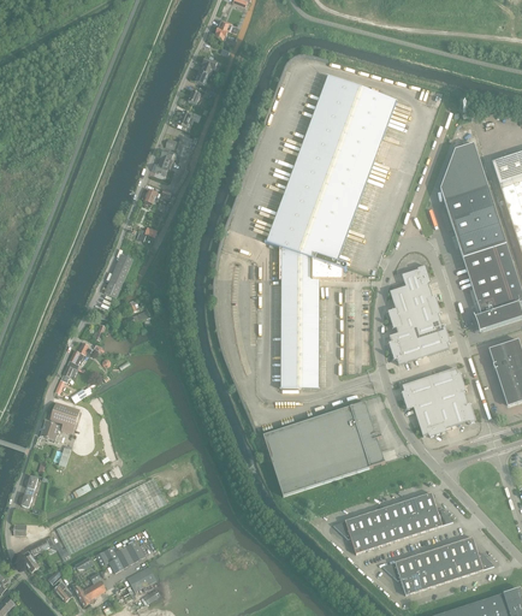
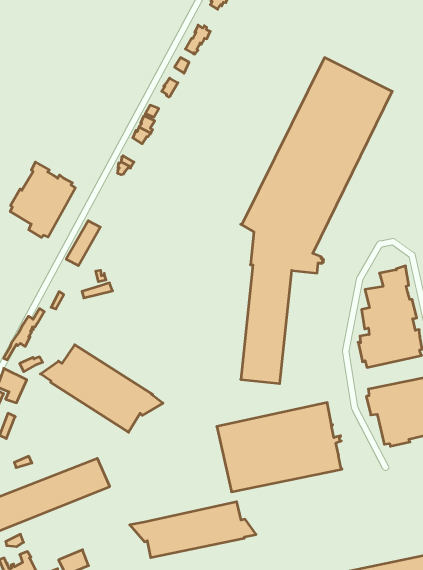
building: none -> [10,162,75,237]
building: none -> [40,345,163,432]
building: [333,491,453,552] -> [130,502,256,558]
building: [96,539,148,571] -> none

